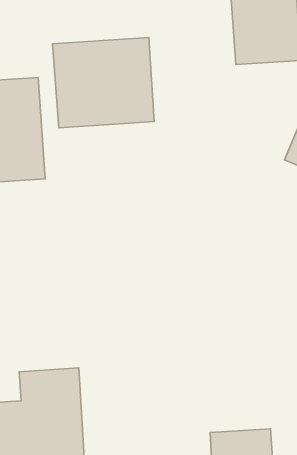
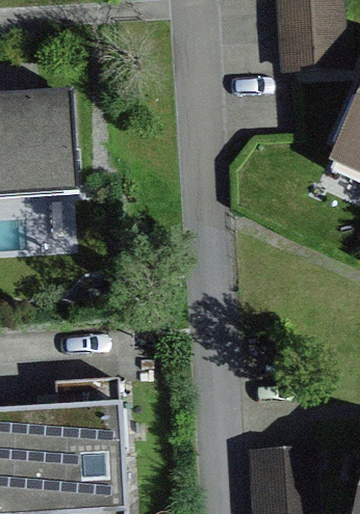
building: [53,38,154,128] -> none

